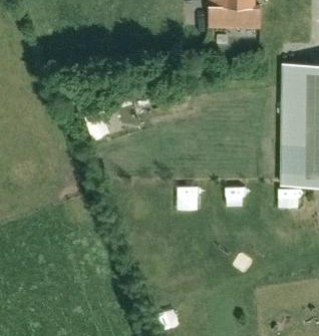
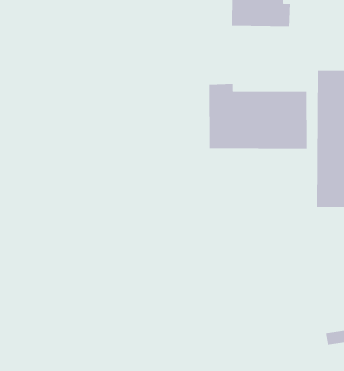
building: none -> [209,83,307,149]

